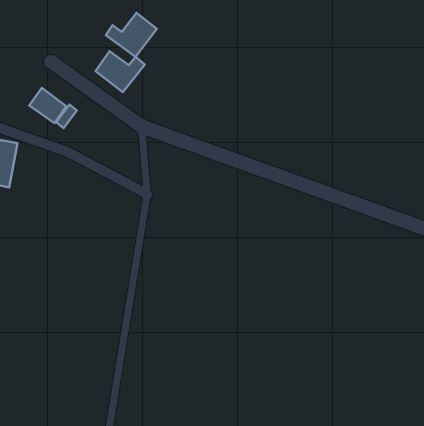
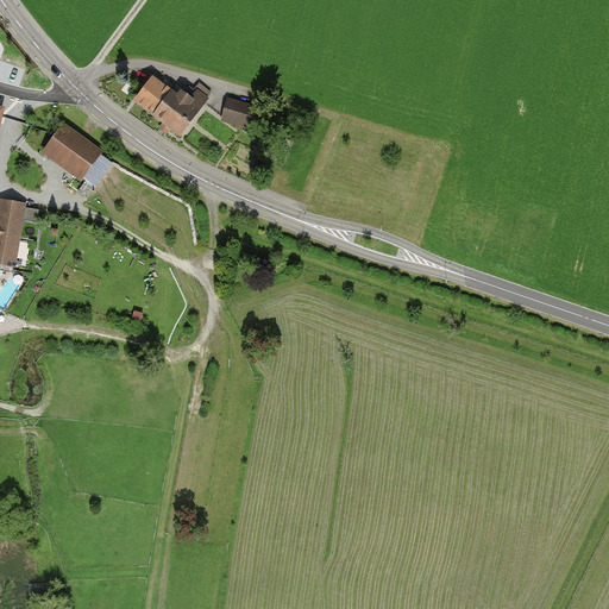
building: [106,13,157,57] -> none
building: none -> [221,98,256,130]

